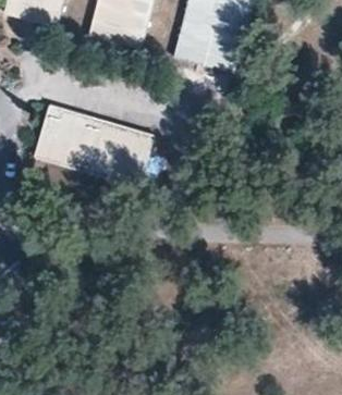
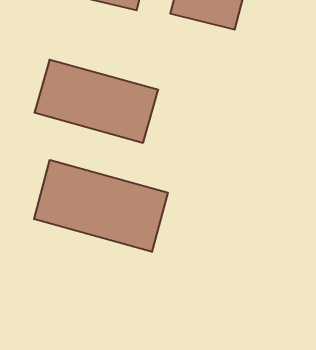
building: none -> [34,160,168,252]

